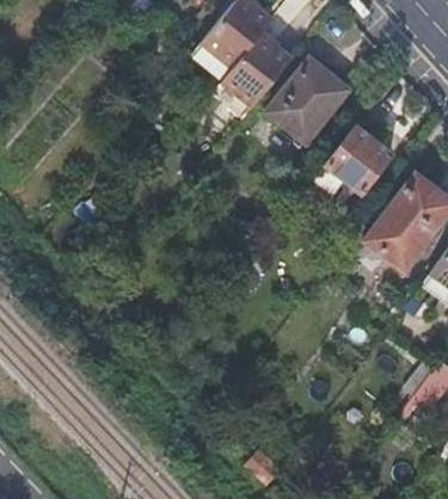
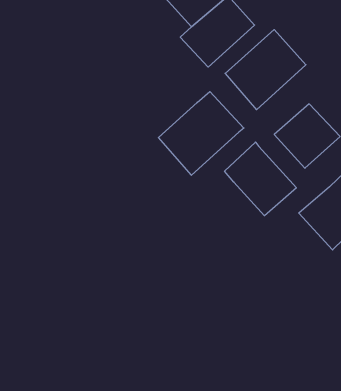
building: none -> [158,92,244,175]
building: none -> [225,142,296,216]

